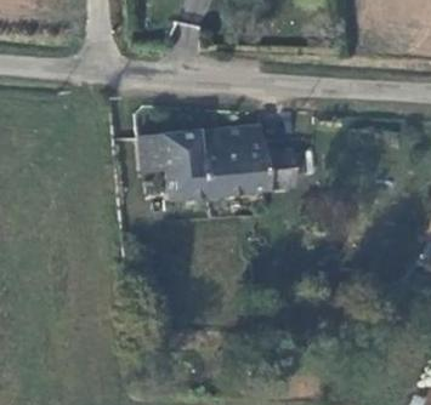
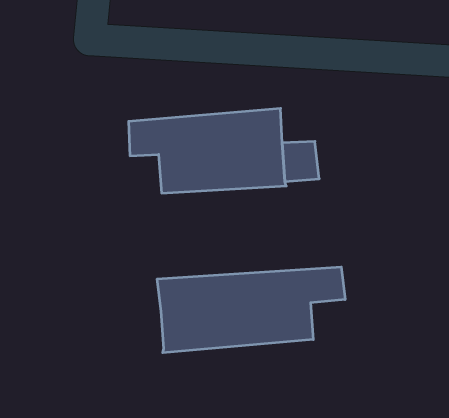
building: none -> [157,267,345,353]

